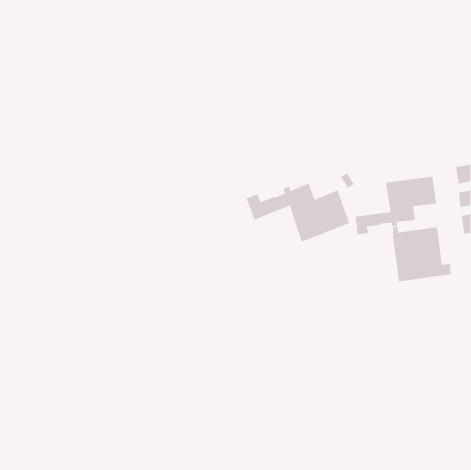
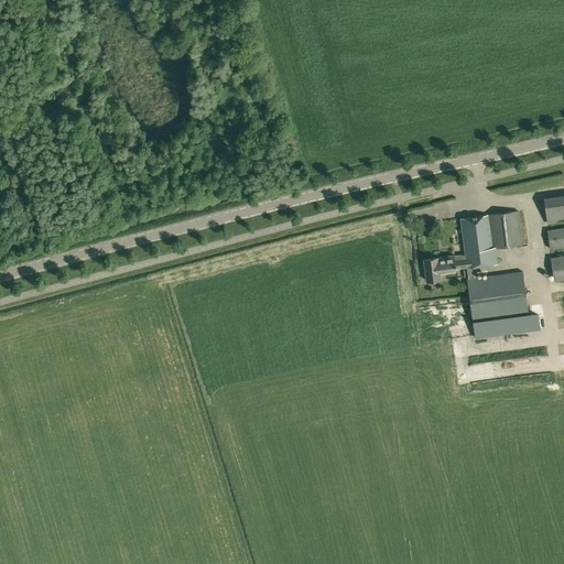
building: [246,182,350,243] -> none

